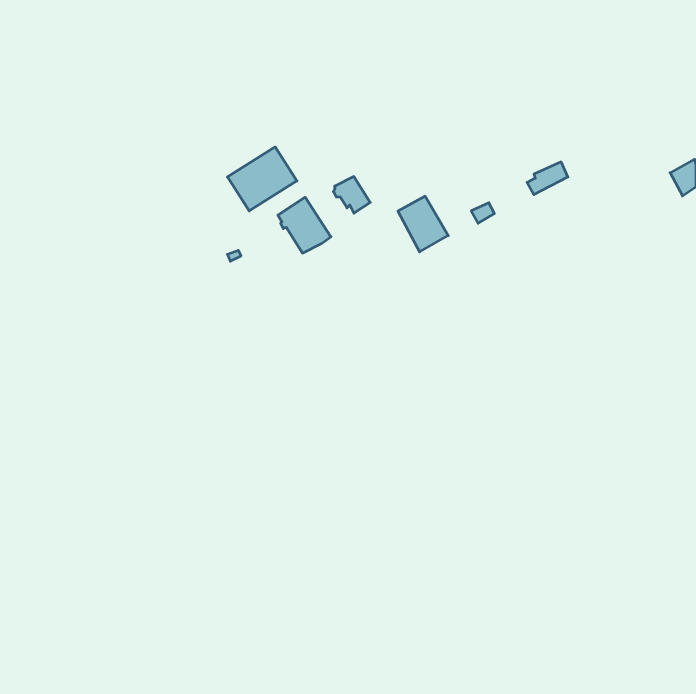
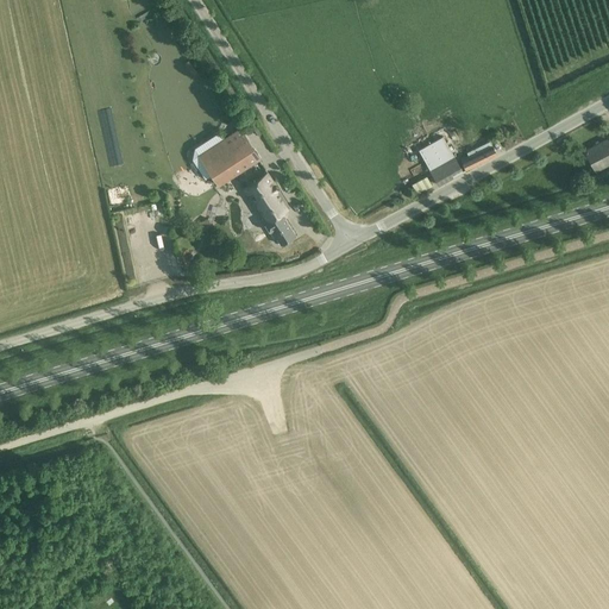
building: [333,177,370,213] -> [263,214,295,246]
building: [398,196,448,252] -> [419,138,463,187]

